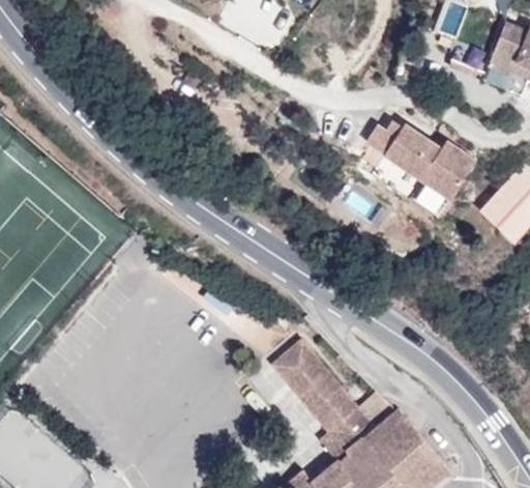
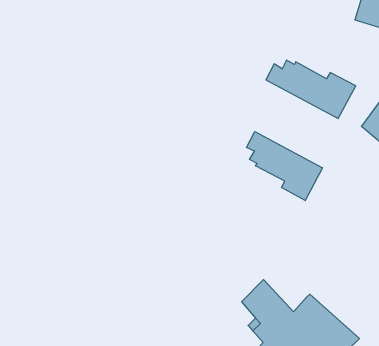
building: none -> [246,132,322,201]
building: [271,341,338,413] -> none

